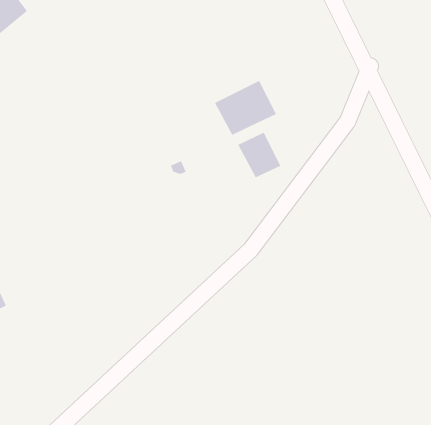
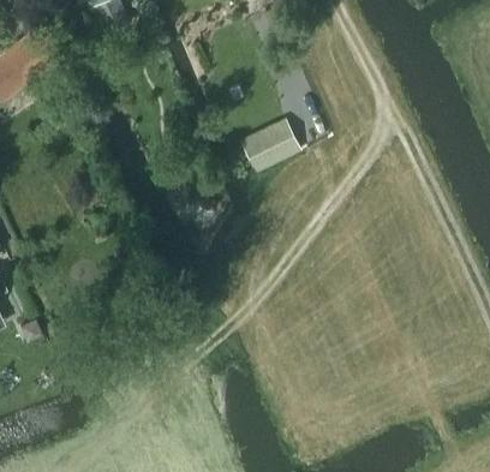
building: [238,132,281,178] -> none

